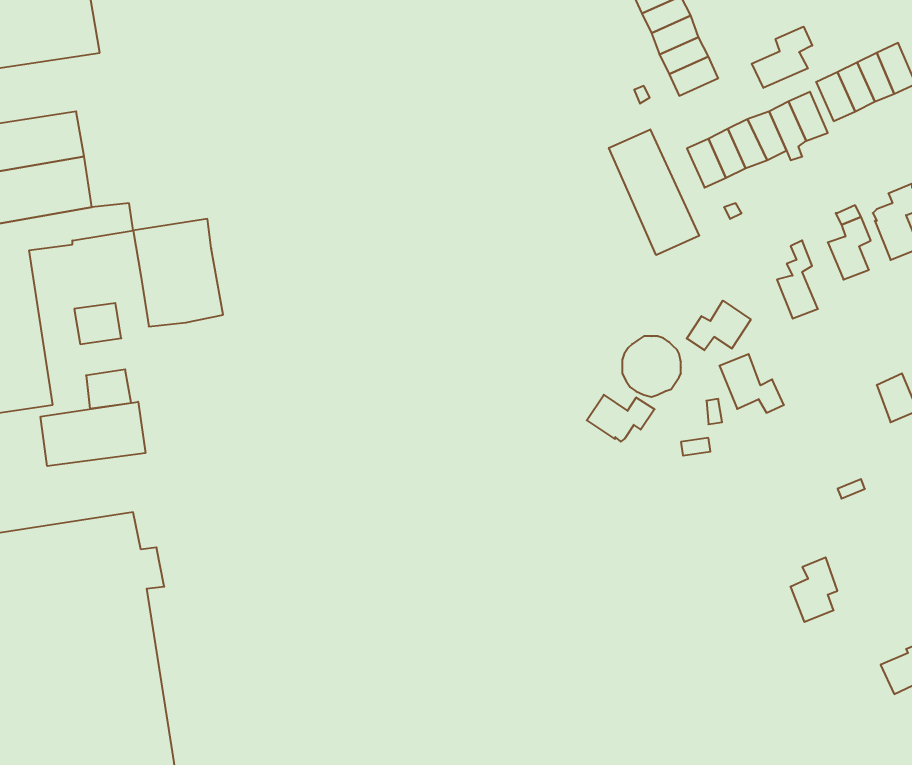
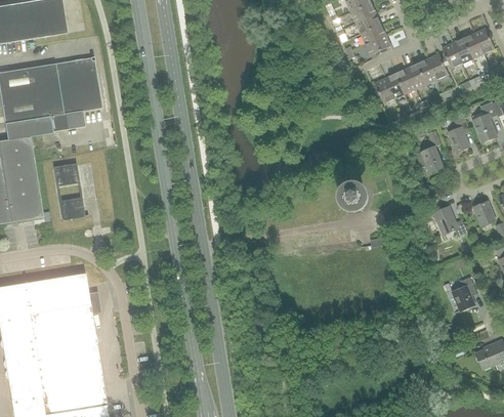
building: [752,27,812,88] -> none
building: [609,129,699,255] -> none
building: [133,219,223,326] -> [54,57,101,114]
building: [687,301,751,350] -> none
building: [719,354,784,413] -> [433,206,467,237]
building: [587,395,655,442] -> none
building: [41,402,145,466] -> none
building: [790,557,837,622] -> [452,277,476,310]

